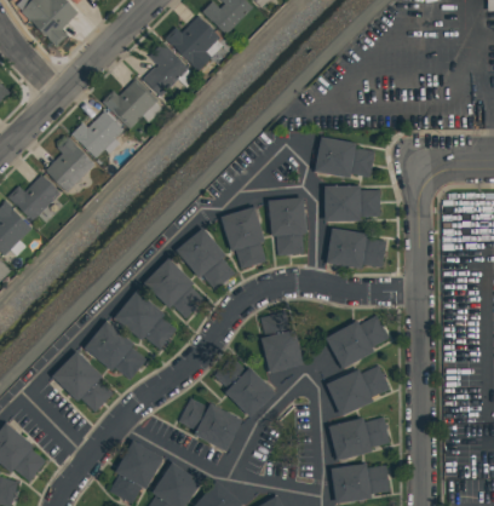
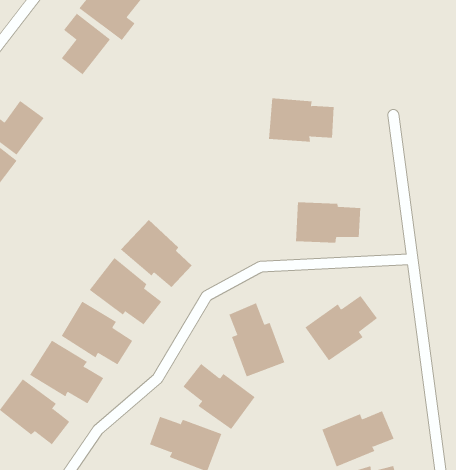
building: [102,79,157,130] -> none
building: [324,186,380,222] -> none
building: [268,197,306,257] -> none
building: [220,207,266,270] -> none
building: [326,366,389,416] -> none

